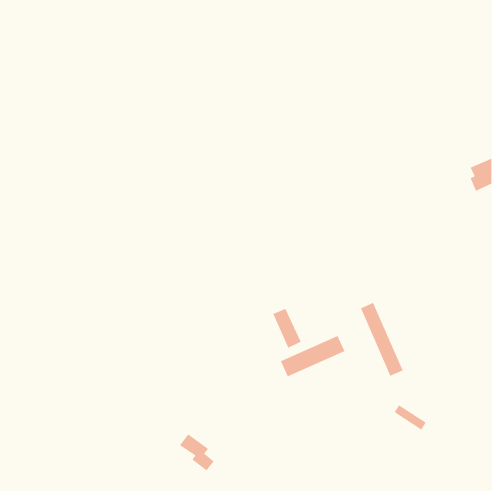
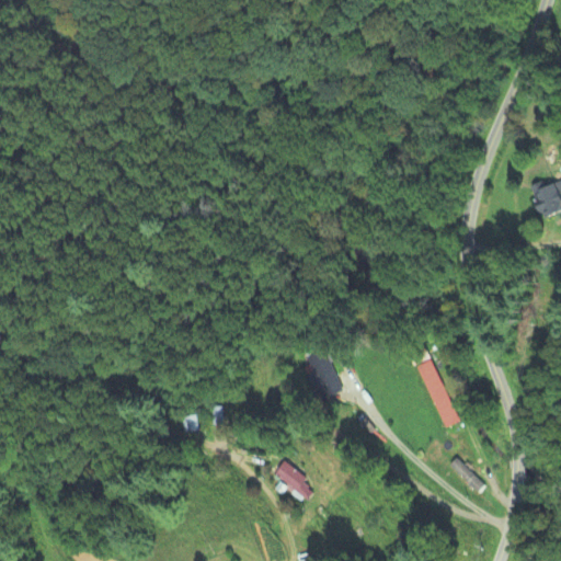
building: [280,335,345,377] -> none
building: [179,433,215,471] -> [275,460,316,503]

